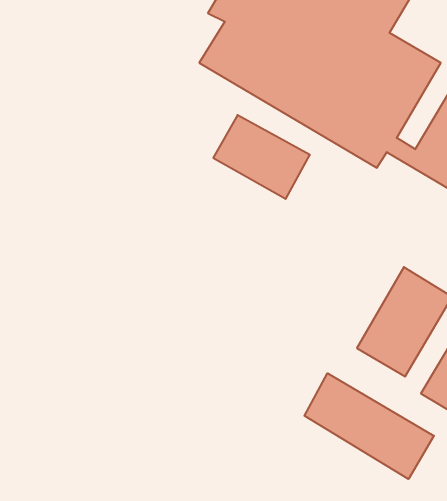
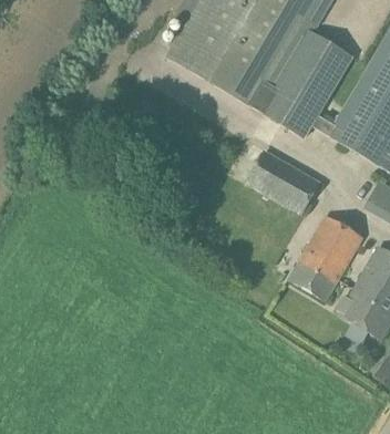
building: [213,115,310,199] -> [246,148,321,214]
building: [304,373,434,479] -> none

